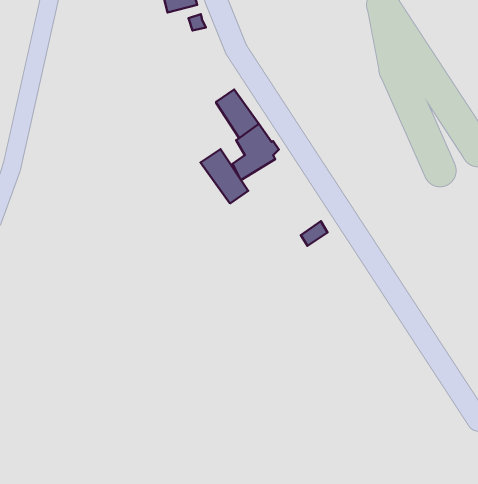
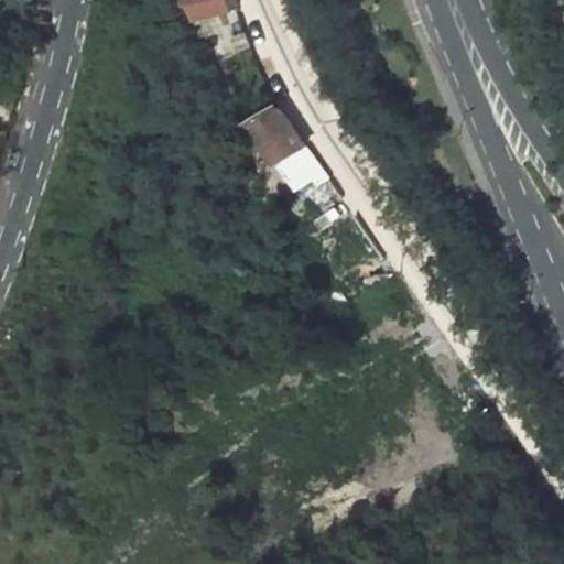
building: [200,149,248,203] -> none

